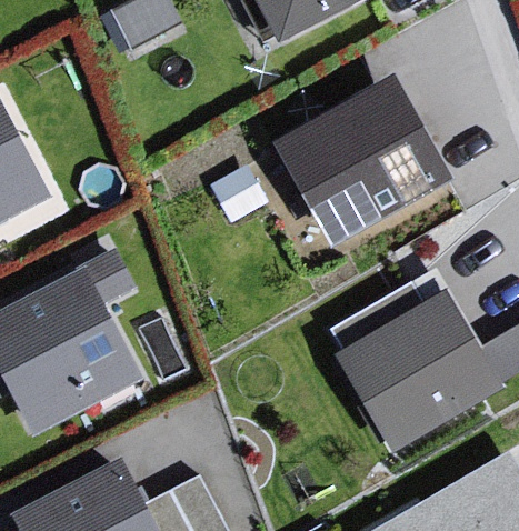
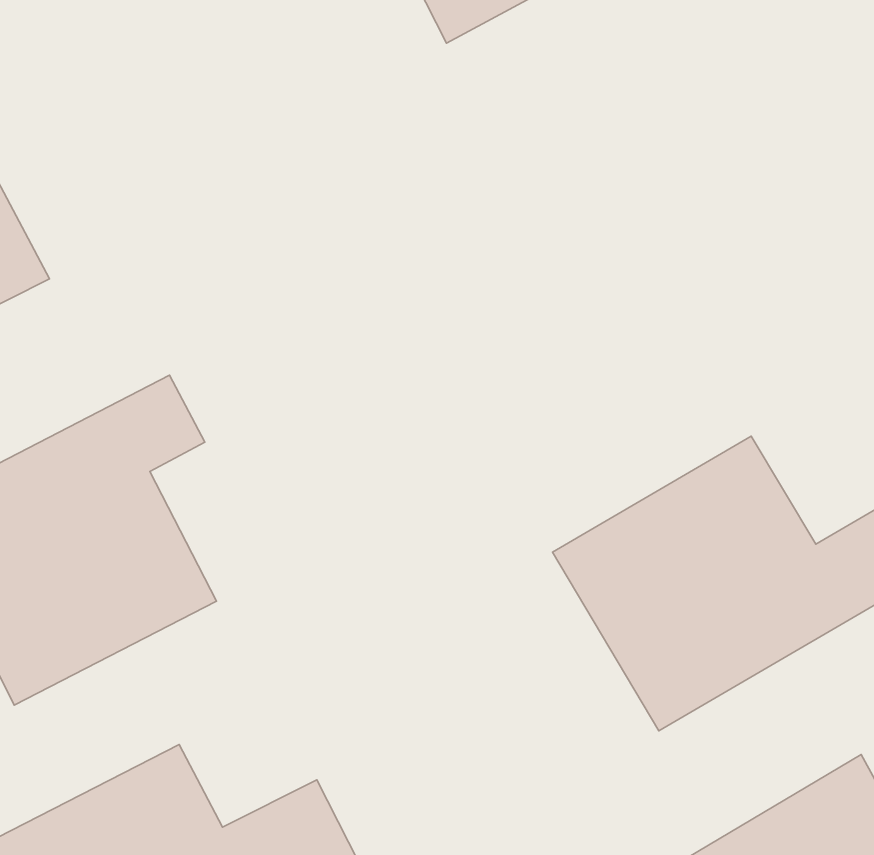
building: [262,80,449,256] -> none

